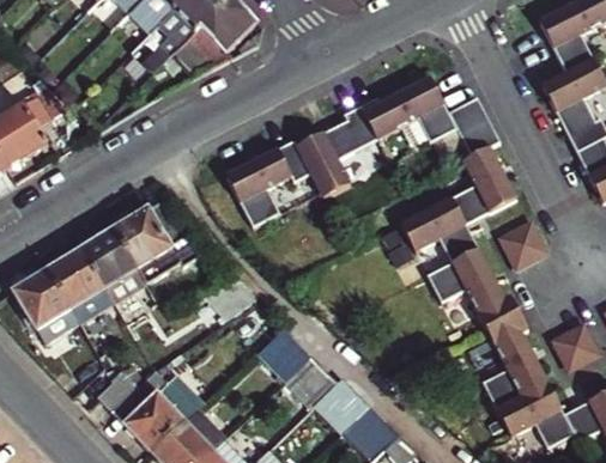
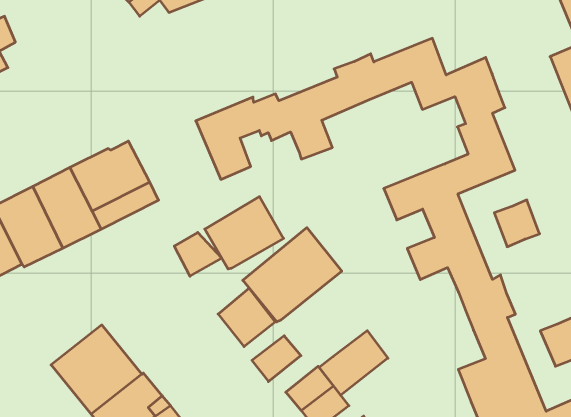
building: none -> [205,197,284,269]
building: none -> [243,228,342,322]
building: none -> [319,331,388,395]

